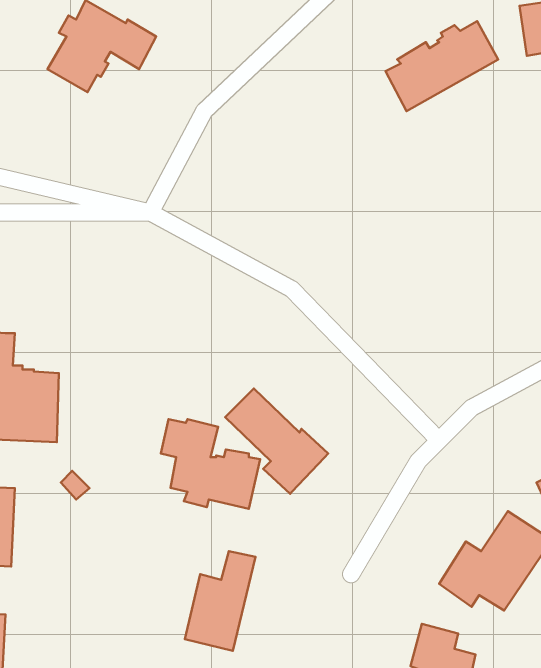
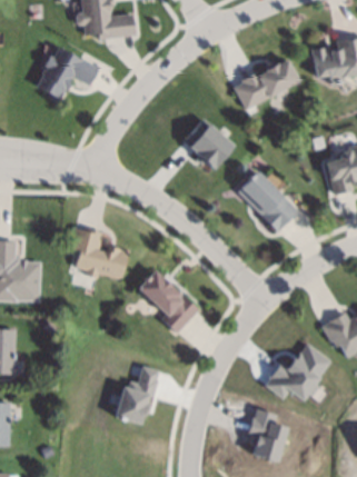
building: none -> [182,118,232,168]
building: none -> [238,171,298,231]
building: [161,419,260,509] -> [71,228,129,280]

